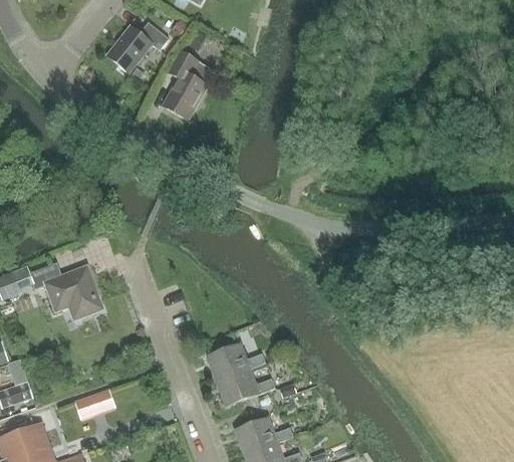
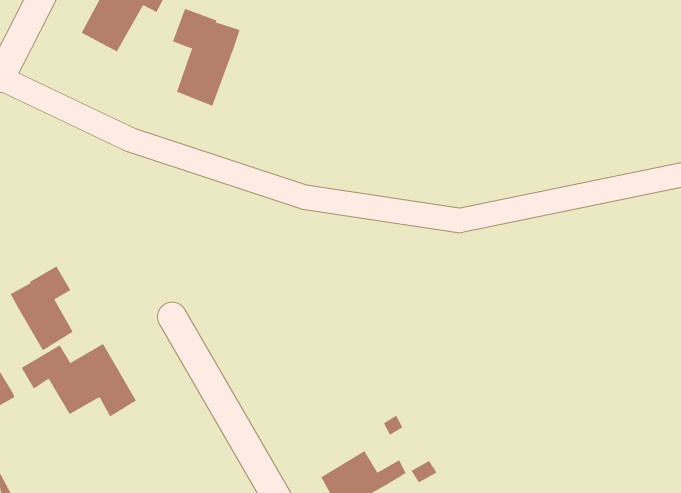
building: none -> [10,265,74,351]
building: [207,342,266,381] -> none

